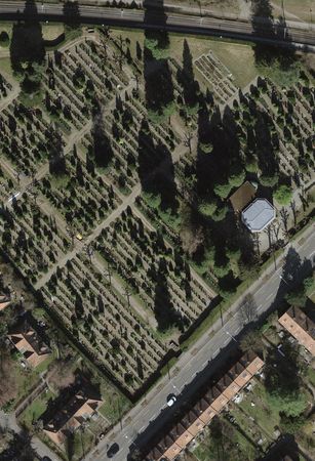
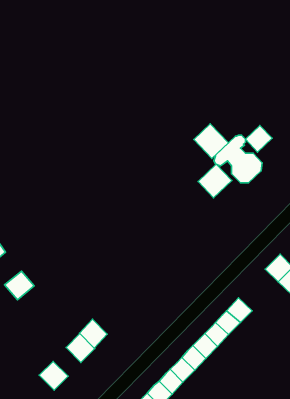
building: none -> [194,124,228,159]
building: none -> [245,125,272,152]
building: none -> [198,164,232,198]
building: [21,336,50,366] -> none
building: [57,400,86,429] -> [79,319,107,348]

